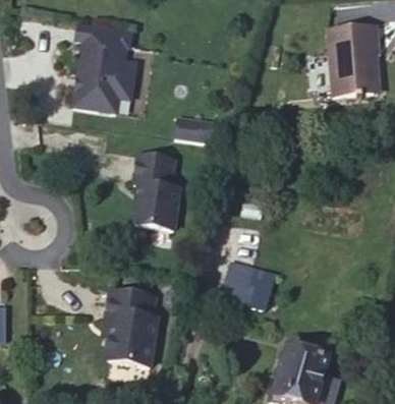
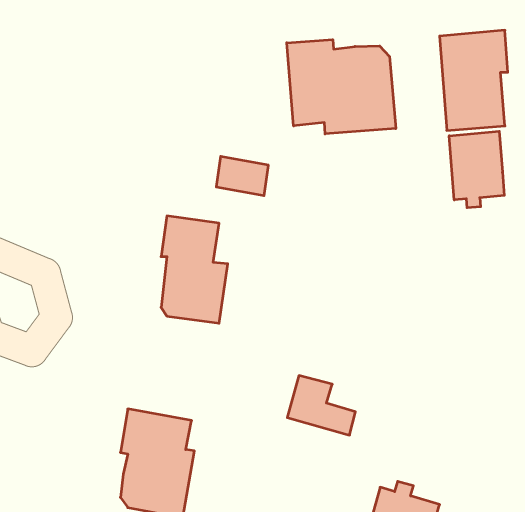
building: [70,22,134,108] -> none
building: none -> [287,40,396,134]
building: none -> [449,131,504,208]

